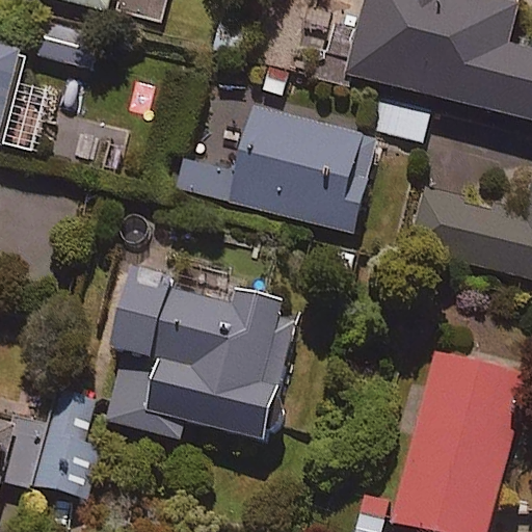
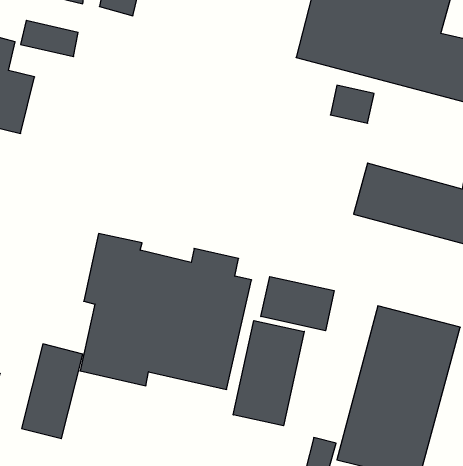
building: [176,106,380,233] -> none
building: none -> [261,277,334,331]
building: none -> [233,321,304,426]

